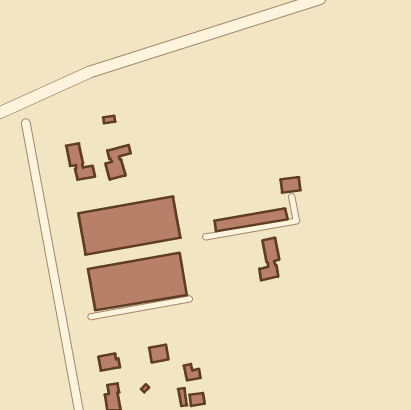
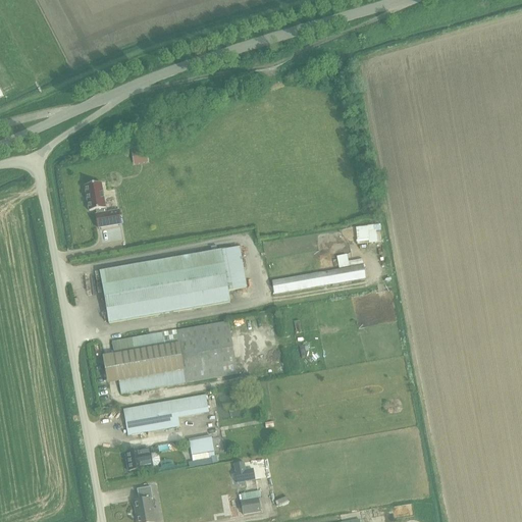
building: [106,145,131,180] -> none
building: none -> [219,246,245,290]
building: [259,238,279,280] -> none
building: none -> [122,395,200,437]

